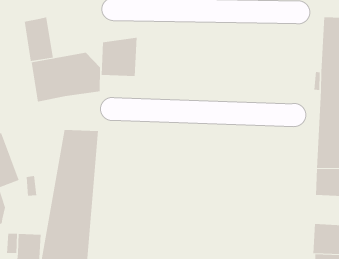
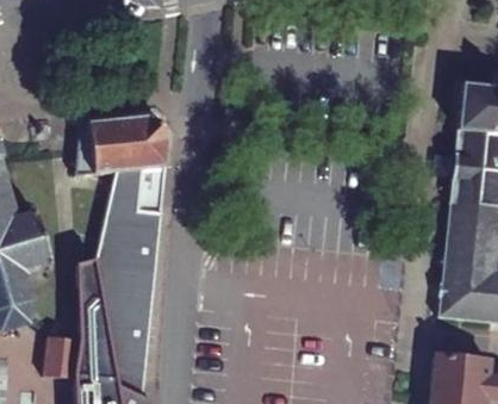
building: [24,16,53,62] -> none
building: [101,37,138,77] -> [119,161,170,212]

